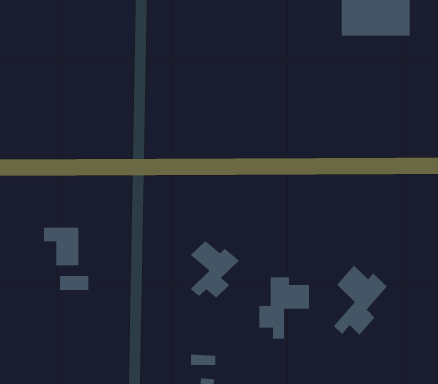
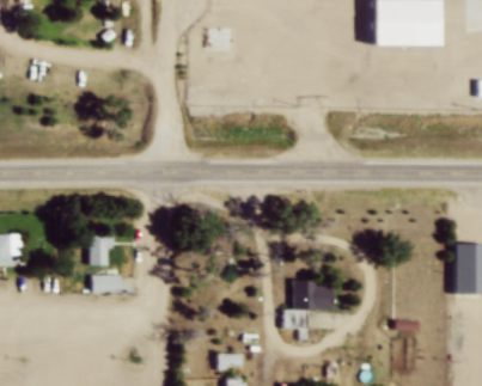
building: [190,240,240,299] -> none
building: [333,265,387,336] -> none

